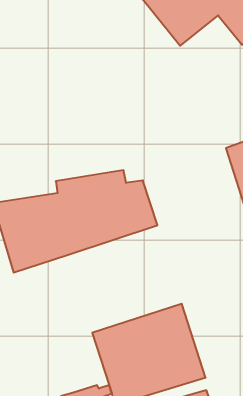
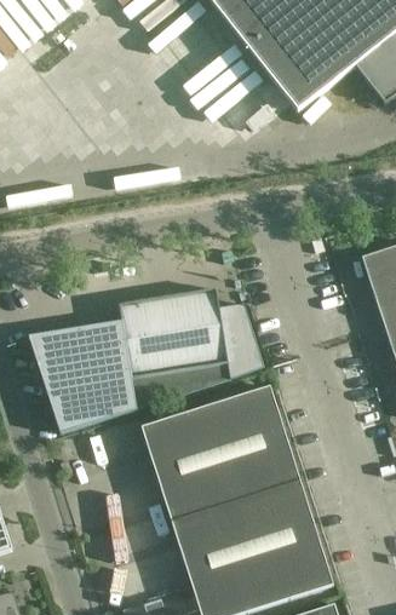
building: none -> [140,385,299,519]

